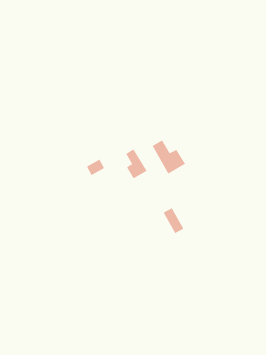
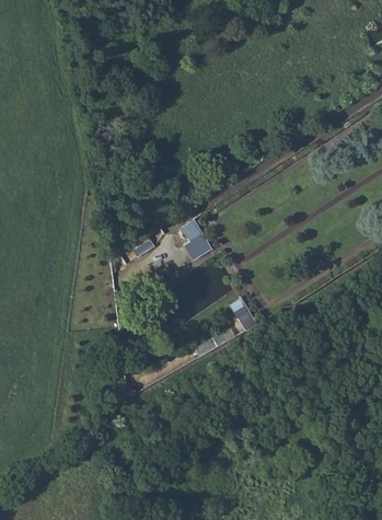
building: [152,139,186,175] -> none

